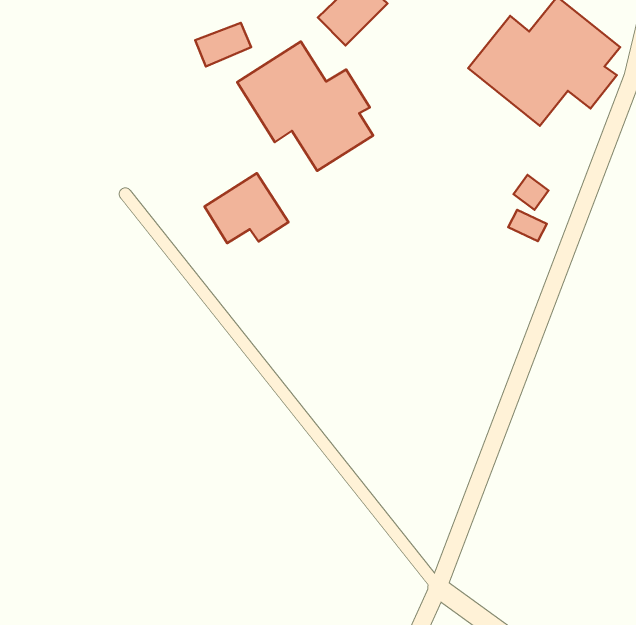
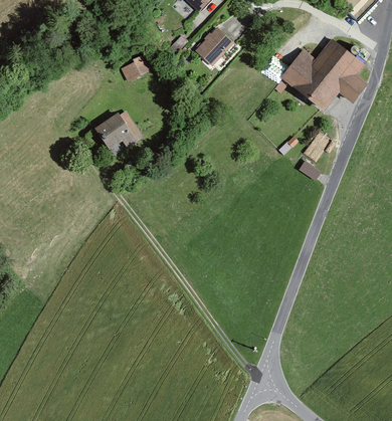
building: [237,42,373,171] -> none
building: [204,173,288,243] -> [94,110,143,150]

